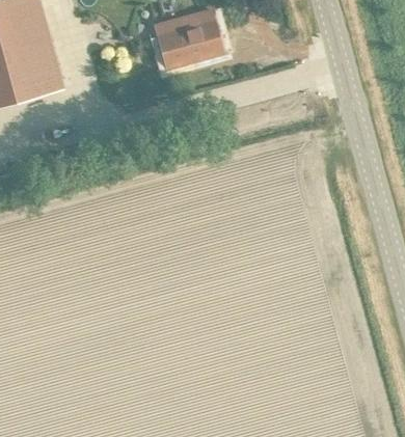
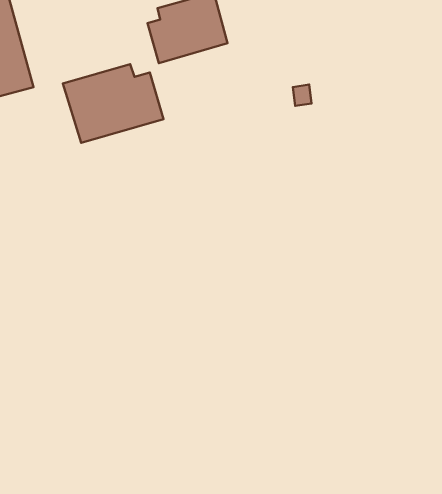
building: none -> [63,64,164,143]

